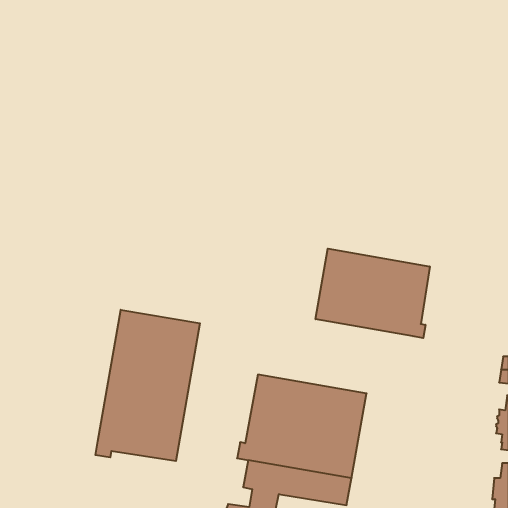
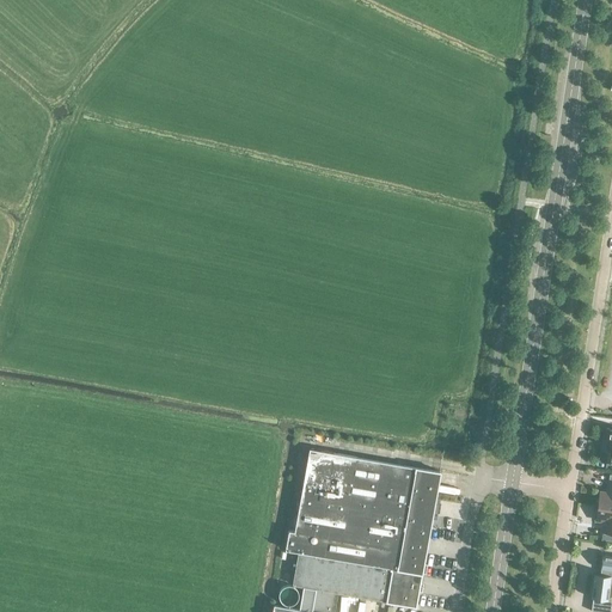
building: [316,249,430,338] -> none
building: [95,310,200,461] -> none

